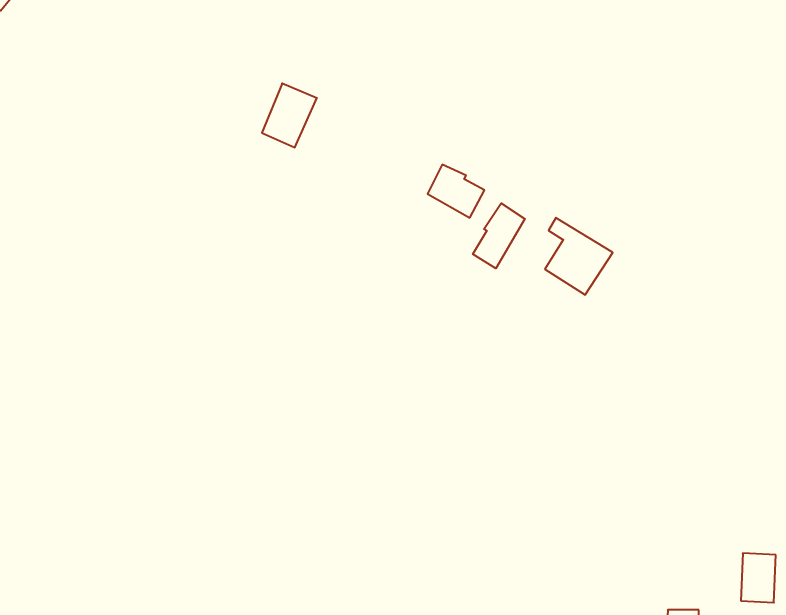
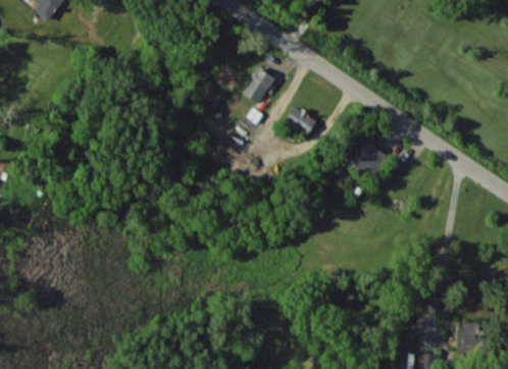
building: [262,83,317,147] -> [243,67,273,103]
building: [473,203,525,268] -> none

